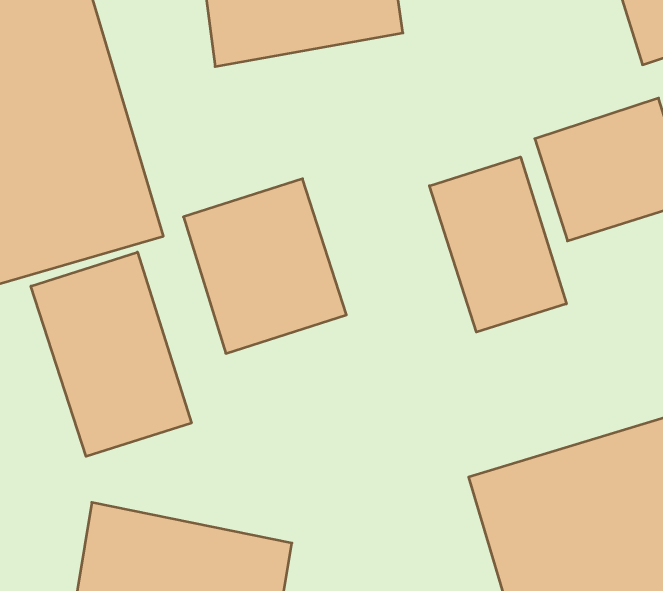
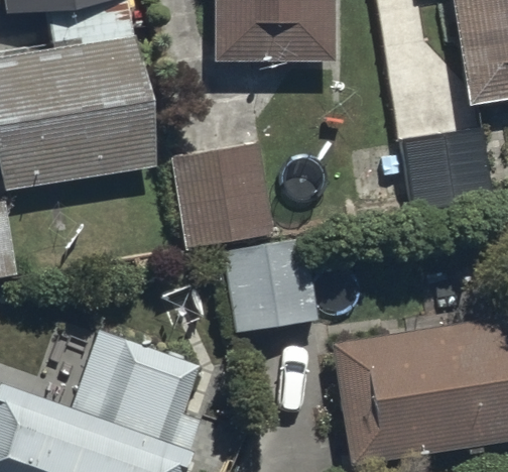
building: [429,157,566,332] -> none
building: [31,252,191,456] -> none
building: none -> [215,246,321,332]

